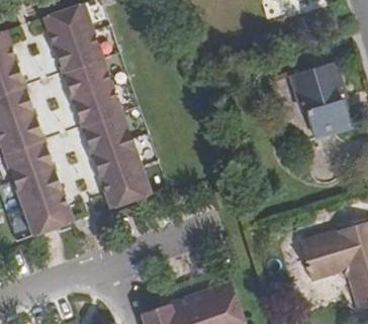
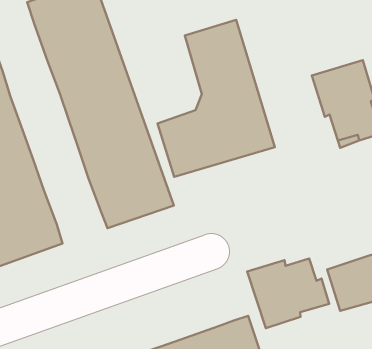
building: none -> [158,20,275,177]
building: none -> [247,259,329,328]

